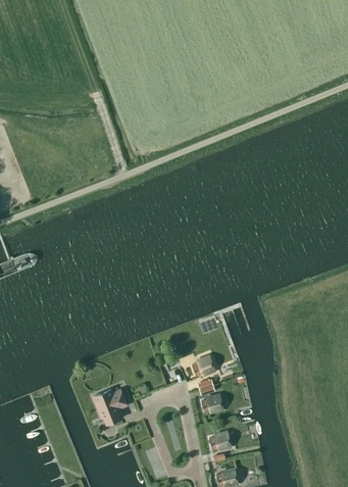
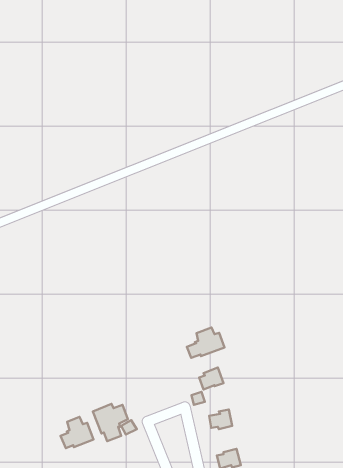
building: none -> [187,328,224,358]
building: none -> [61,417,93,448]

